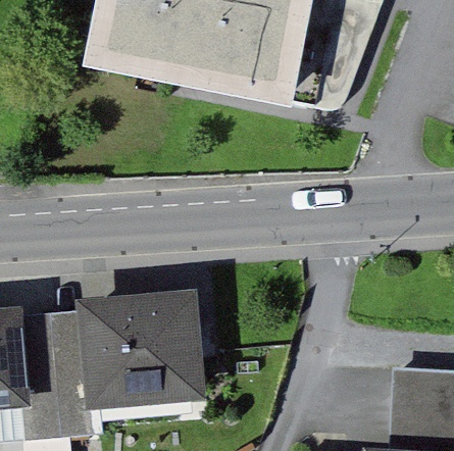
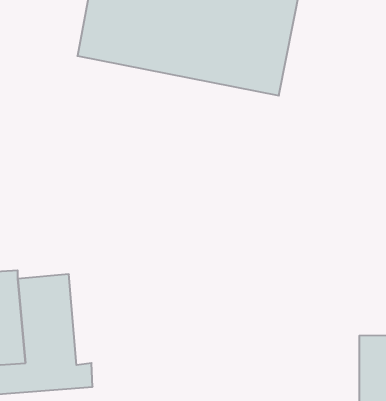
building: [74,290,203,409] -> none

